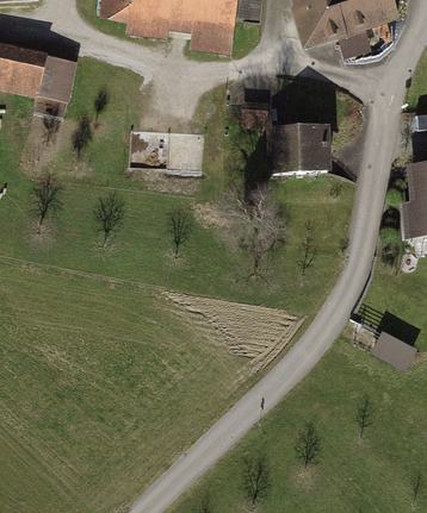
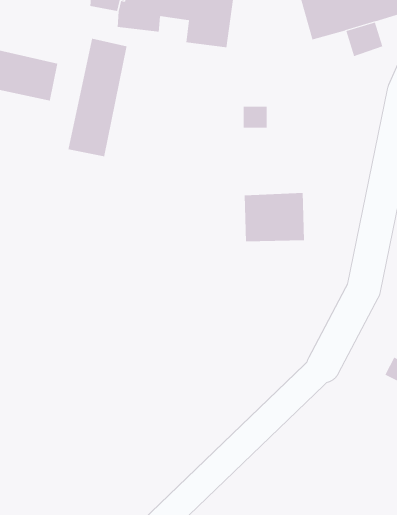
building: none -> [68,38,127,157]
building: [271,127,327,173] -> [244,193,305,242]

